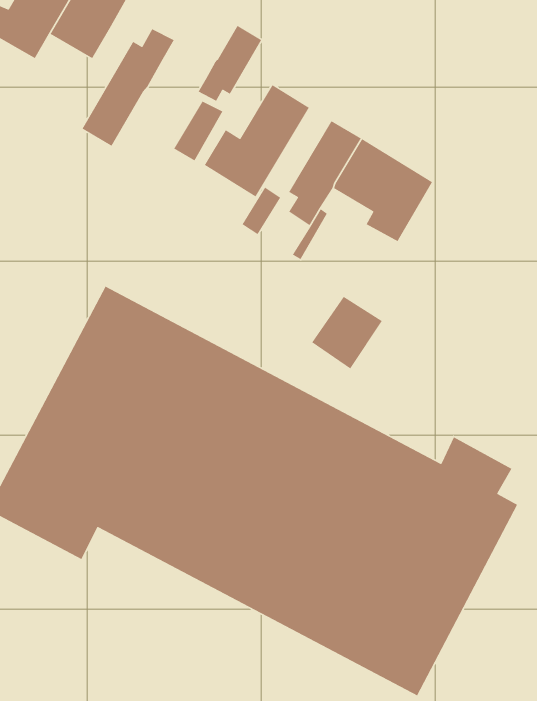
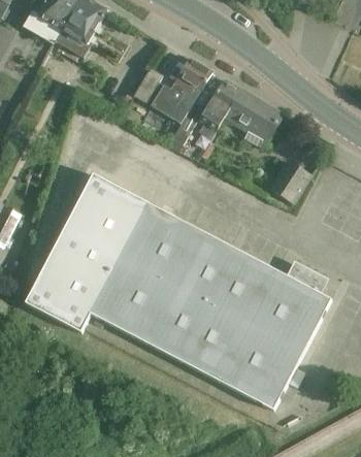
building: [198,25,262,102] -> none
building: [81,28,175,147] -> none
building: [311,296,383,369] -> [268,160,309,202]

